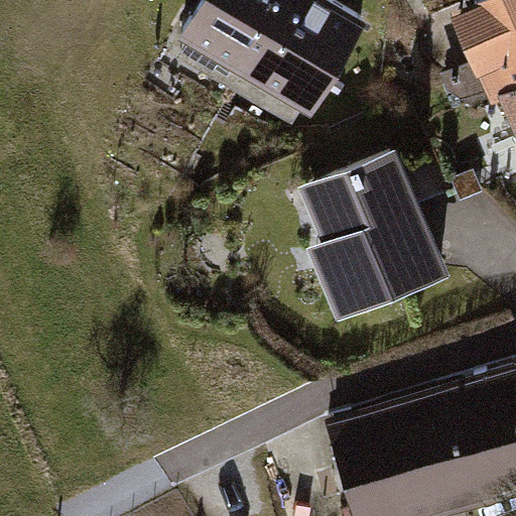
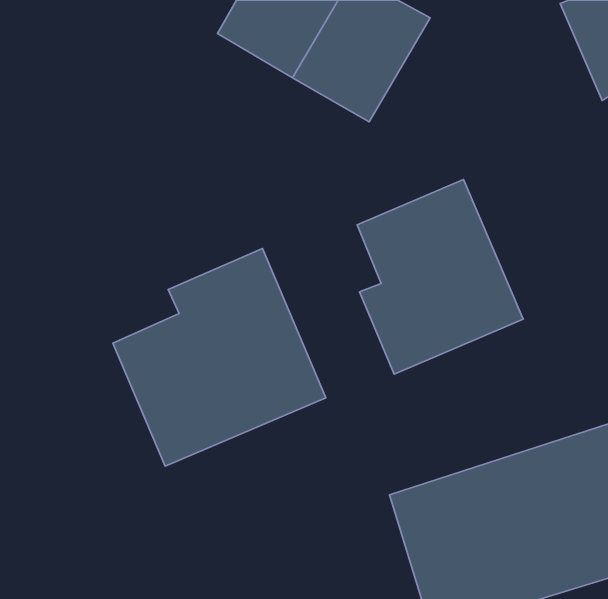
building: none -> [113,249,326,466]

